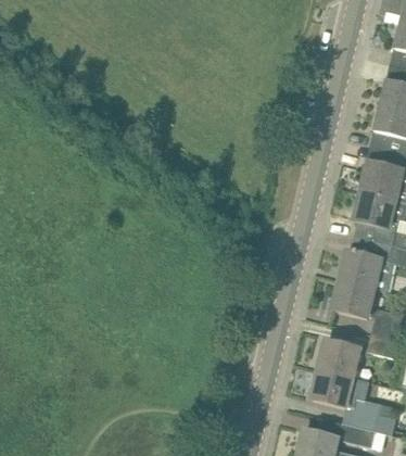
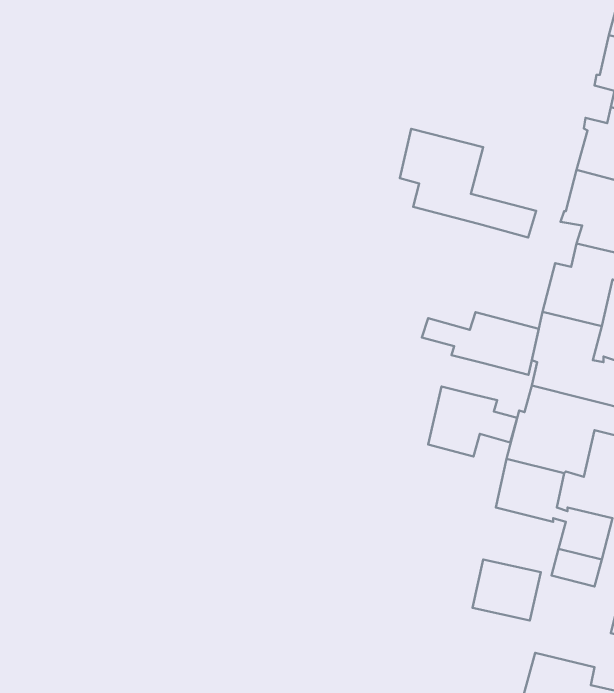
building: none -> [400,129,536,238]
building: none -> [422,312,539,375]
building: none -> [428,386,517,456]
building: [310,370,353,407] -> none

